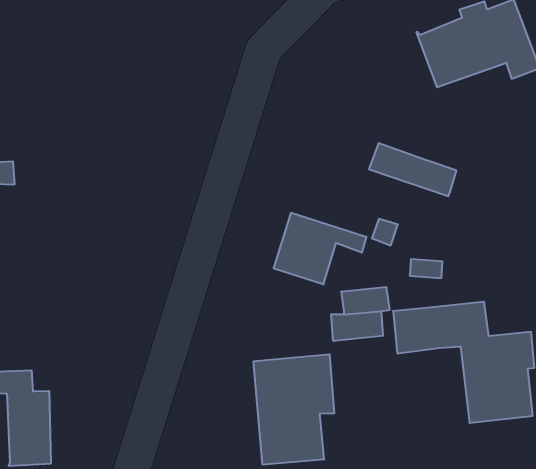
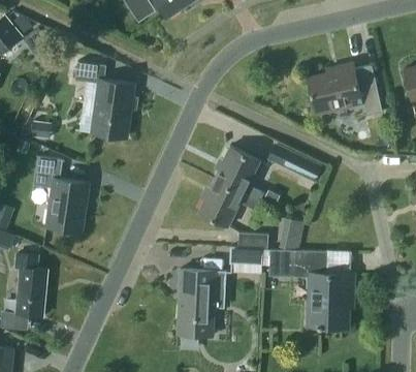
building: none -> [75,61,134,137]
building: none -> [214,146,263,200]
building: none -> [33,155,89,231]

